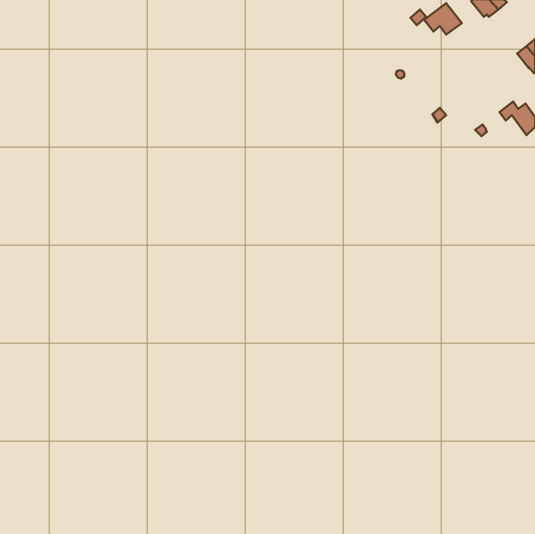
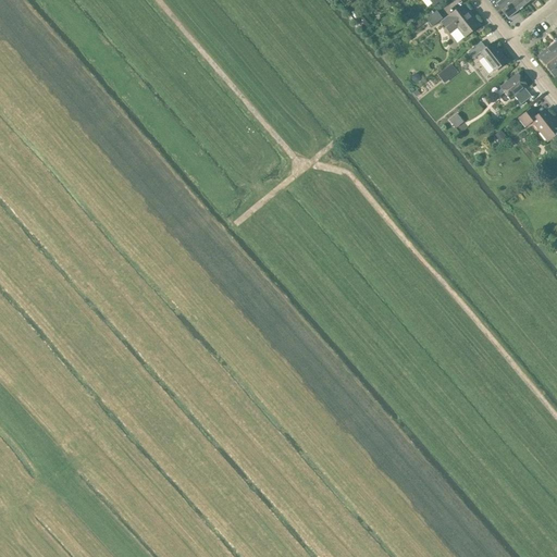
building: none -> [468,41,507,70]
building: none -> [500,73,531,103]

